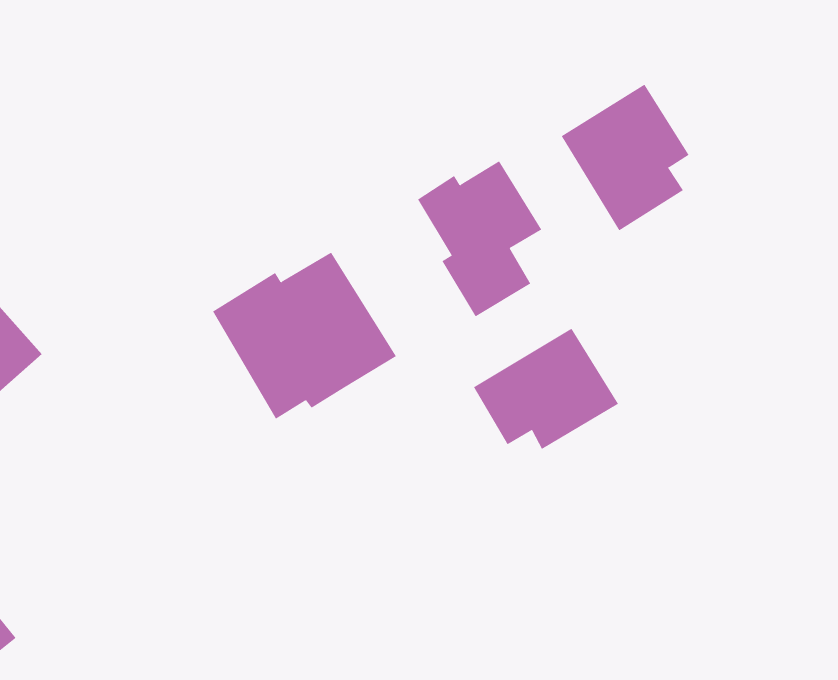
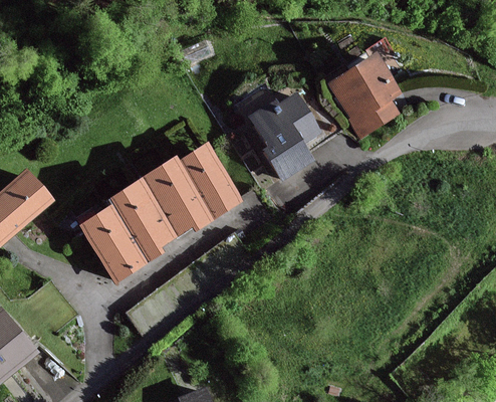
building: none -> [80,177,176,280]
building: [473,328,619,450] -> none

